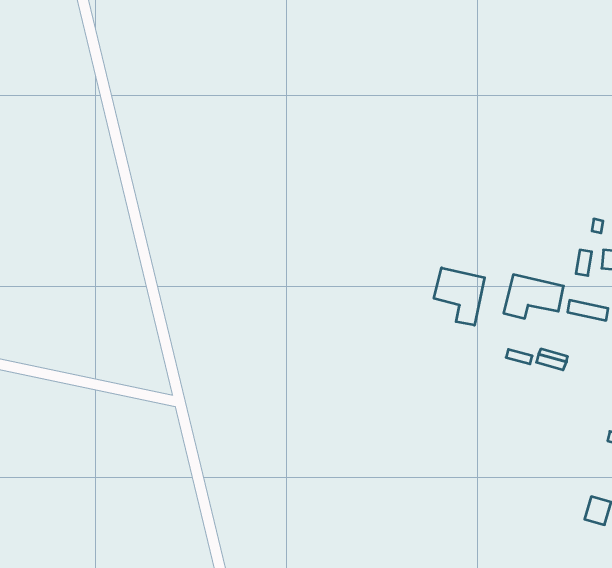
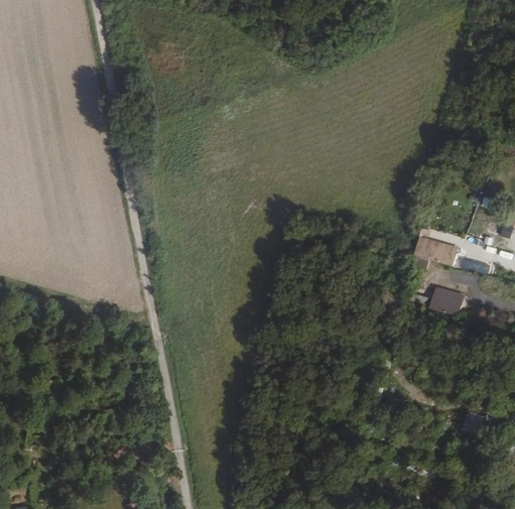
building: [434,268,485,325] -> none

